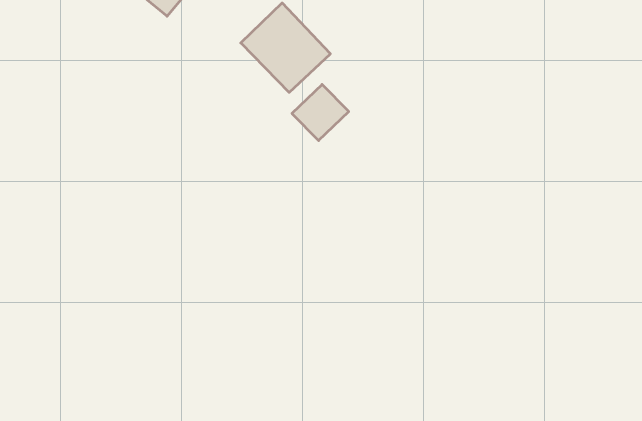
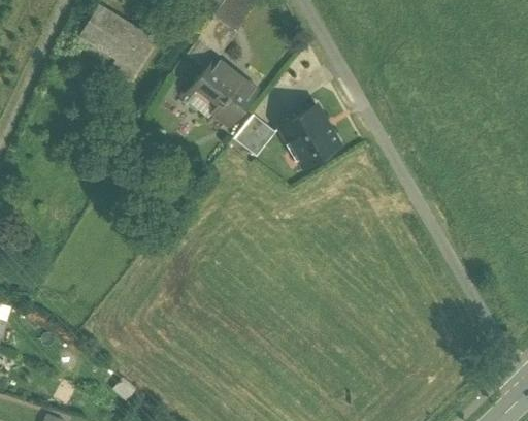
building: none -> [279,105,339,167]

